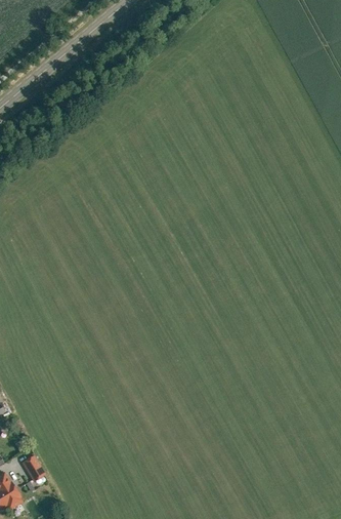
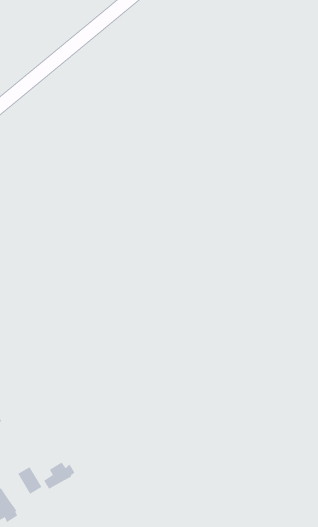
building: none -> [43,461,76,490]

